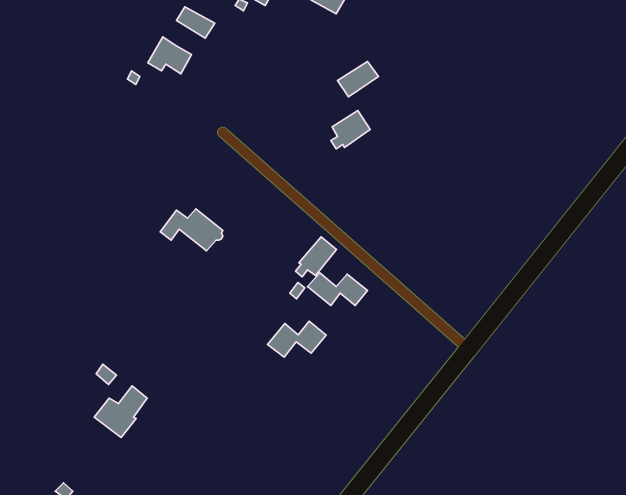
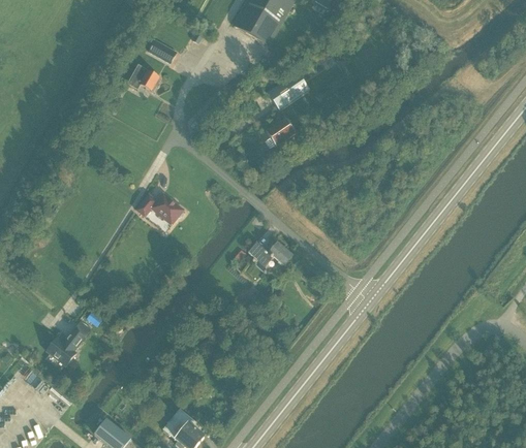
building: [296,237,337,277] -> none
building: [268,321,326,357] -> none
building: [94,386,147,438] -> [44,326,85,365]

